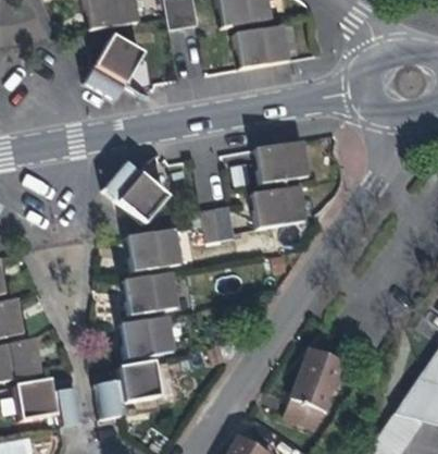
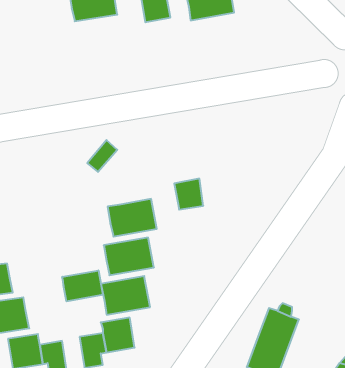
building: [234,25,289,68] -> none
building: [85,36,140,98] -> none
building: [254,140,310,184] -> none
building: [116,173,166,222] -> none
building: [251,185,306,228] -> none
building: none -> [62,270,103,301]

